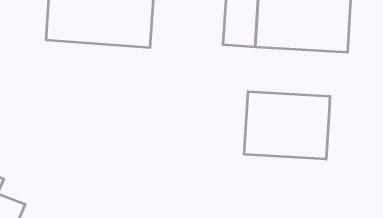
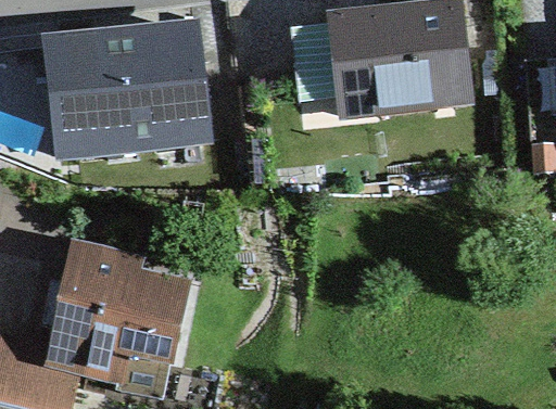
building: [244,91,330,159] -> none
building: none -> [61,244,187,365]

